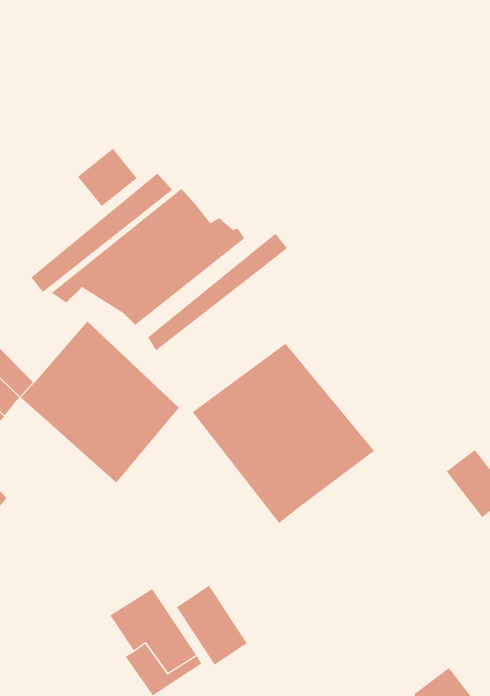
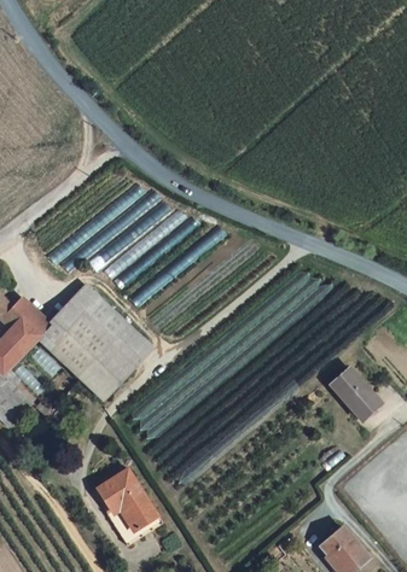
building: [77,148,138,207] -> none
building: [192,343,375,524] -> none
building: [176,585,248,666] -> none

